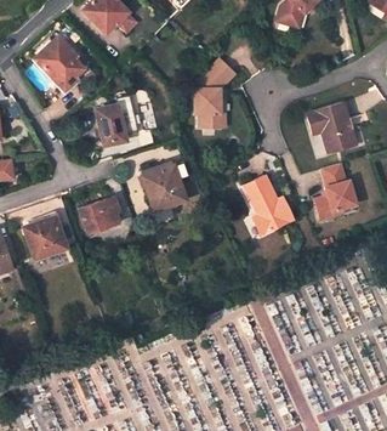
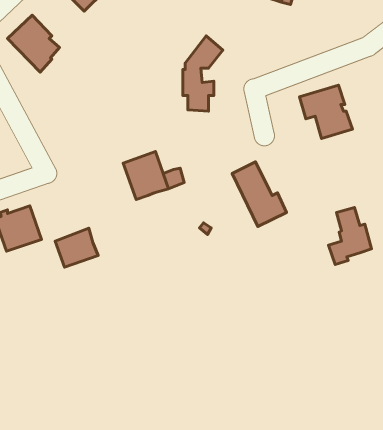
building: [96,96,137,146] -> none
building: [317,164,357,217] -> [329,207,371,265]
building: [79,198,119,234] -> [55,228,98,267]

